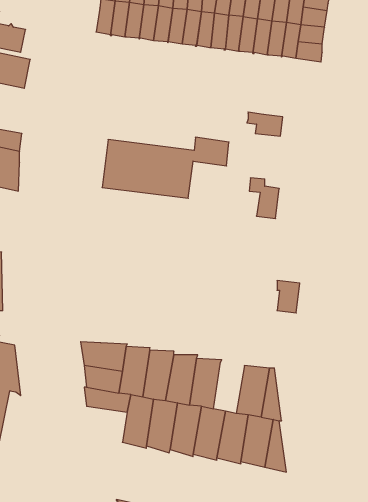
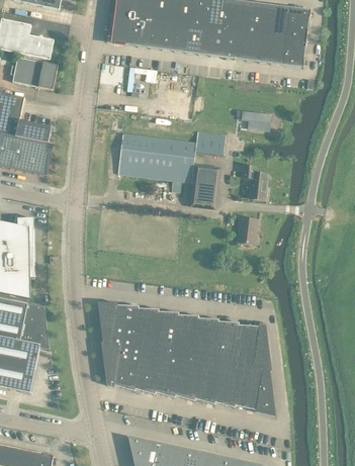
building: none -> [189,164,219,208]
building: [277,281,300,313] -> [238,216,257,244]
building: none -> [211,320,238,364]
building: none -> [104,358,139,390]

